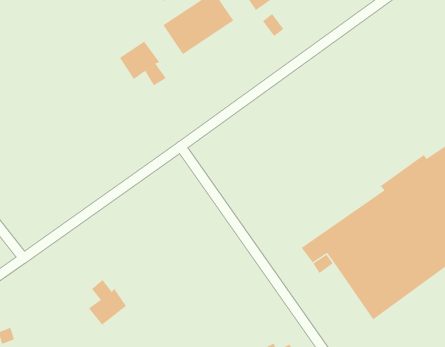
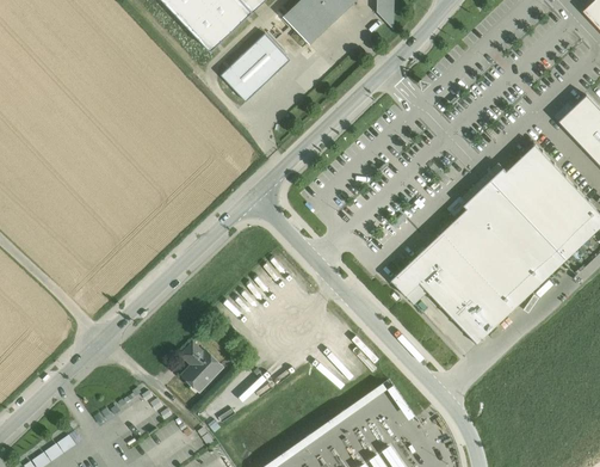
building: [119,41,166,86] -> none

